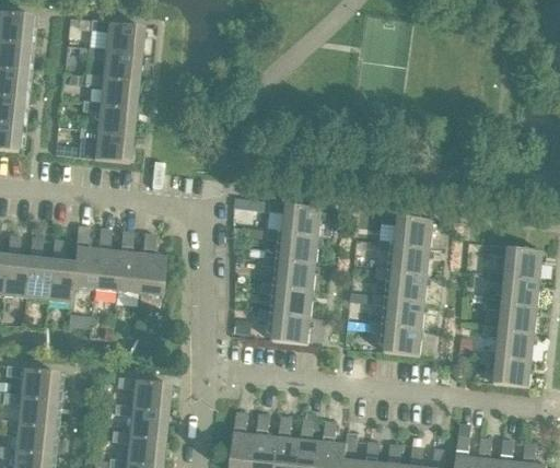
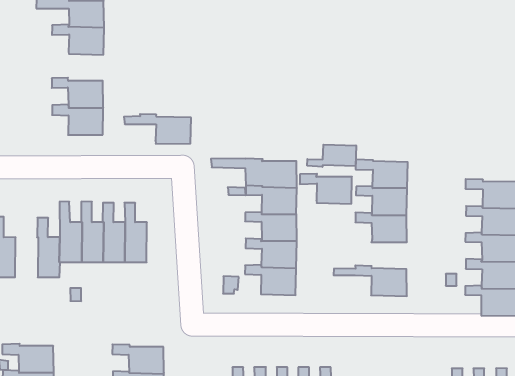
building: [69,73,137,108] -> [124,114,191,144]
building: none -> [307,145,356,167]
building: [25,238,52,301] -> none
building: [372,294,425,329] -> [300,174,352,204]

